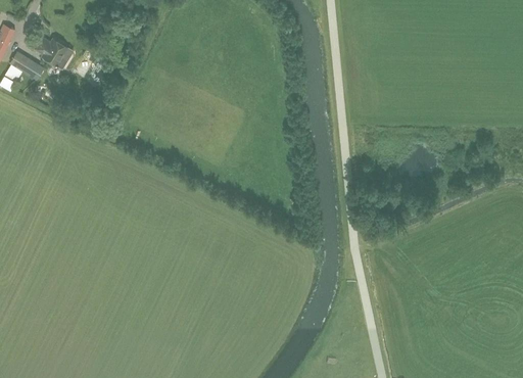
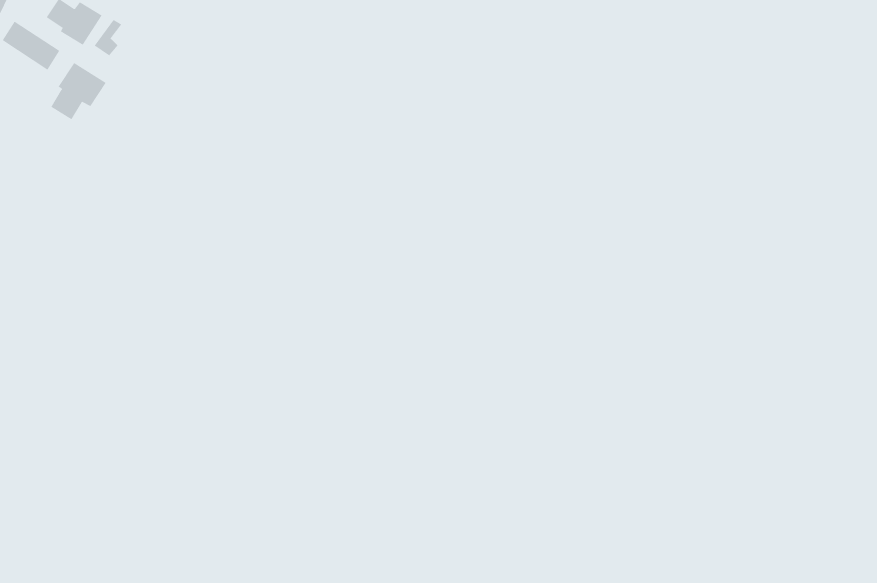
building: none -> [51,62,107,120]

